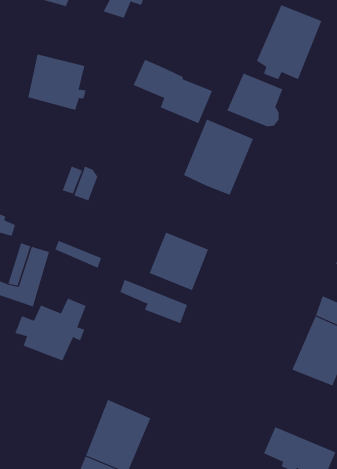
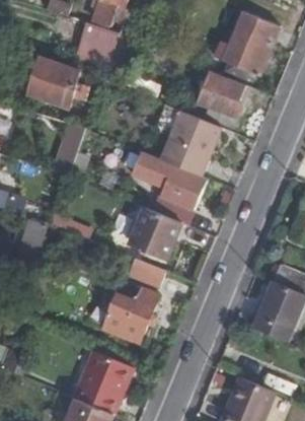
building: none -> [77,24,118,65]
building: [133,59,213,124] -> [136,154,205,210]
building: [15,298,86,361] -> [96,289,158,344]

